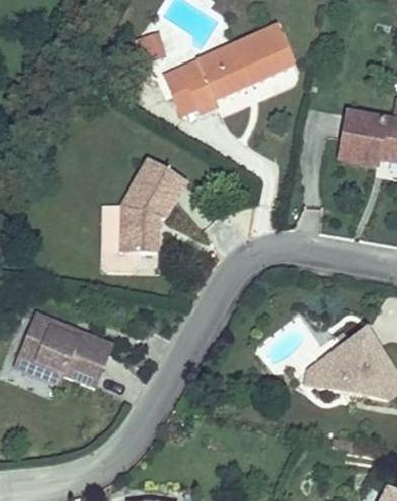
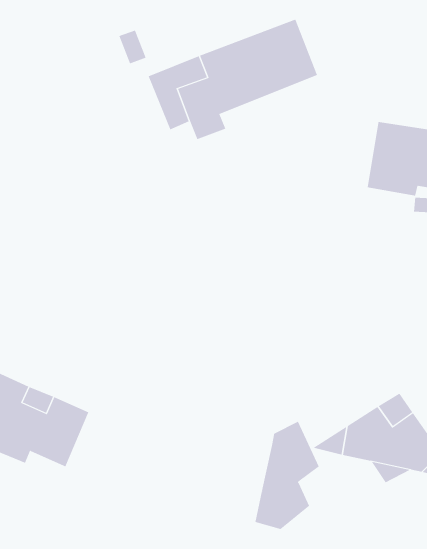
building: [99,150,189,261] -> none
building: none -> [255,421,319,530]

